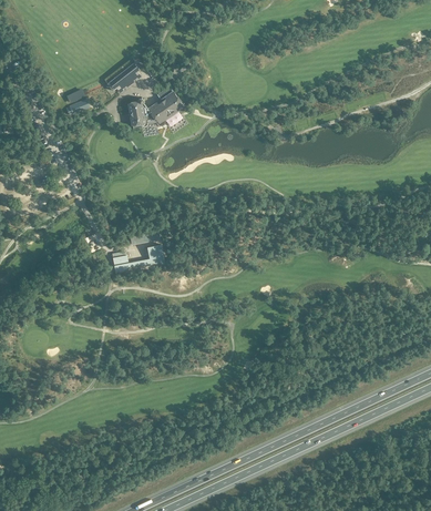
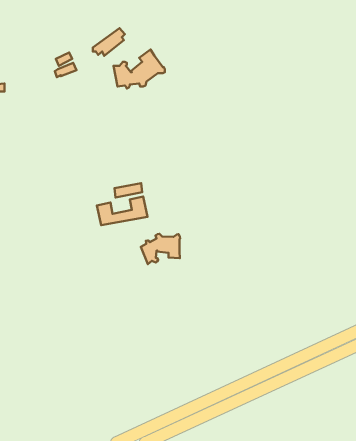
building: none -> [141,234,180,264]

